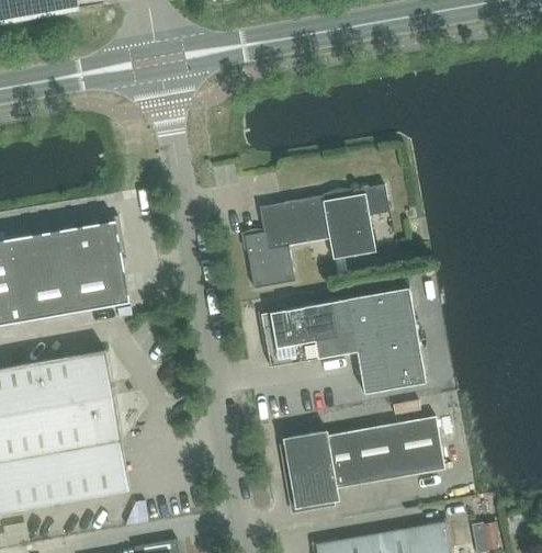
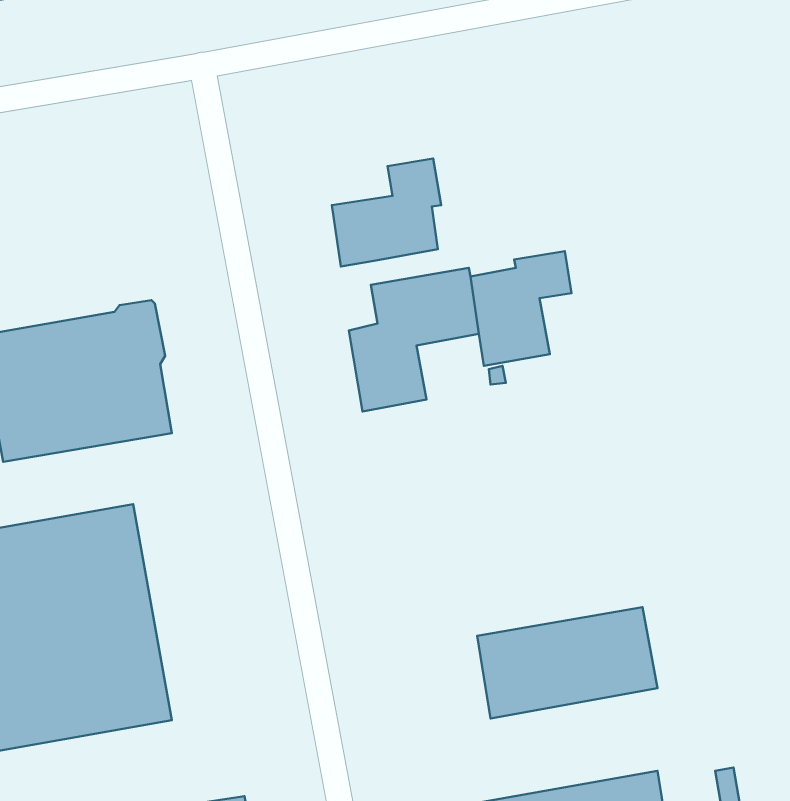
building: none -> [332,158,441,267]
building: [259,287,428,393] -> none
building: [281,431,338,509] -> none

